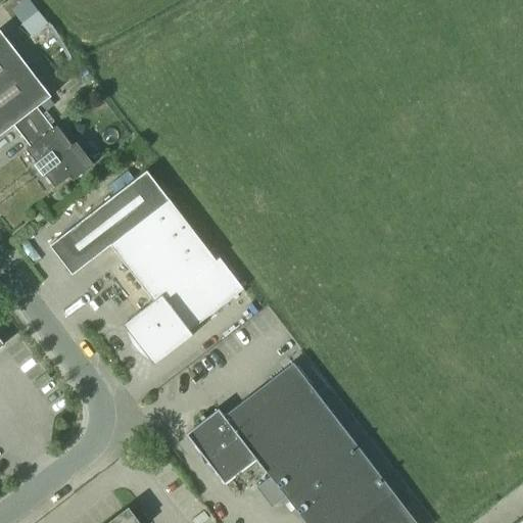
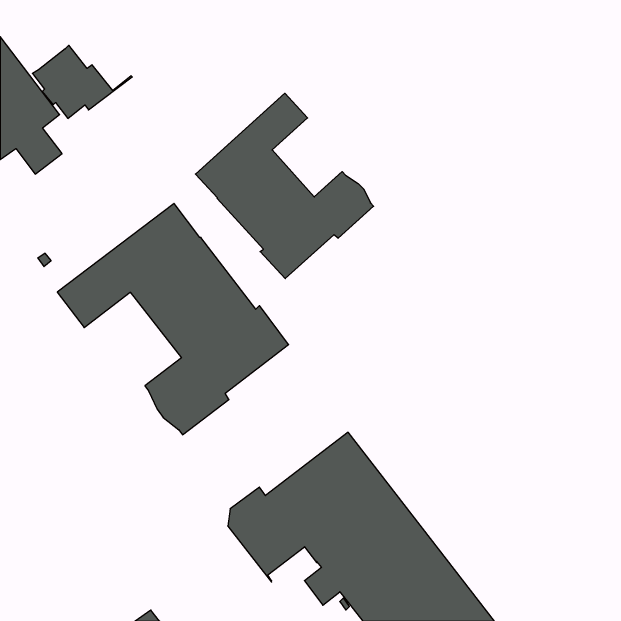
building: none -> [195,93,374,279]
building: [26,126,109,187] -> [32,45,132,118]

